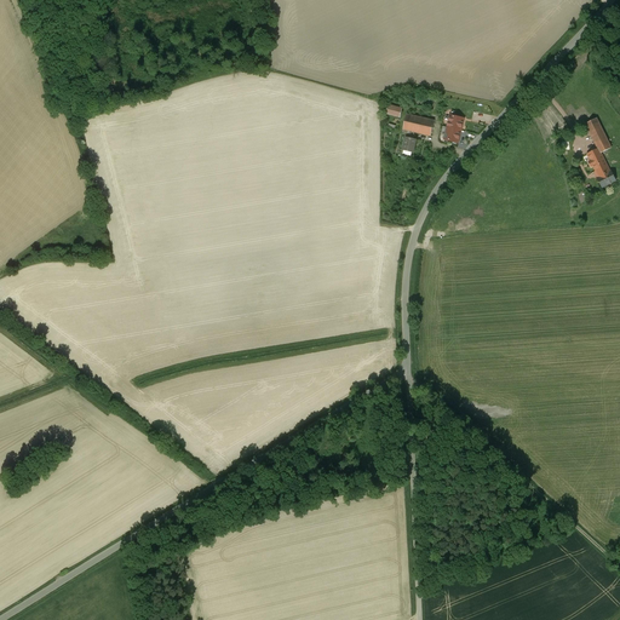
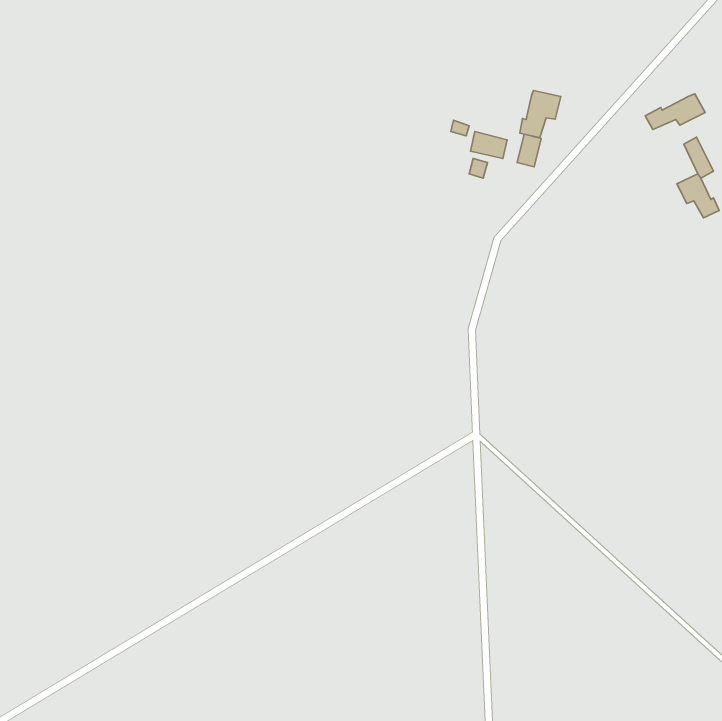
building: none -> [520,90,561,137]
building: none -> [645,94,705,130]

